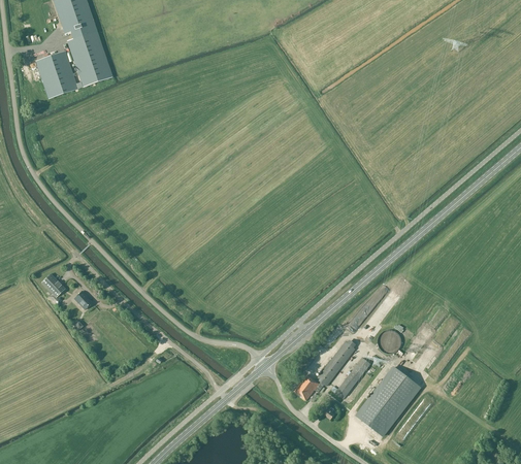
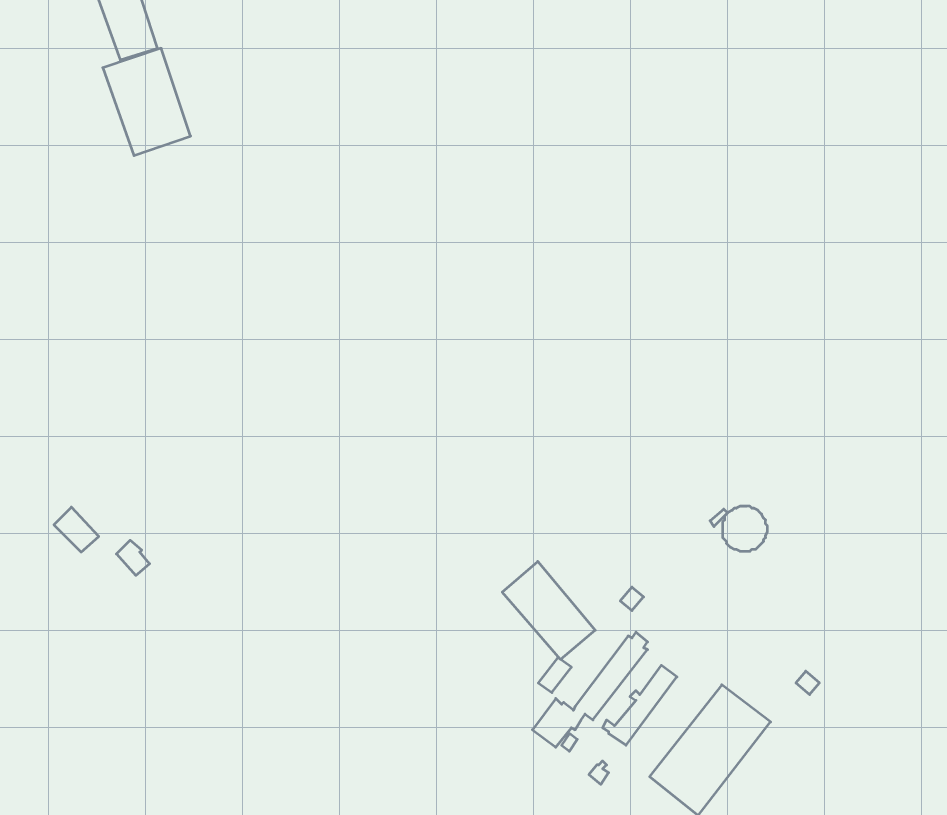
building: [36,51,77,98] -> none
building: none -> [502,561,595,659]
building: [378,329,401,353] -> [723,506,767,551]

